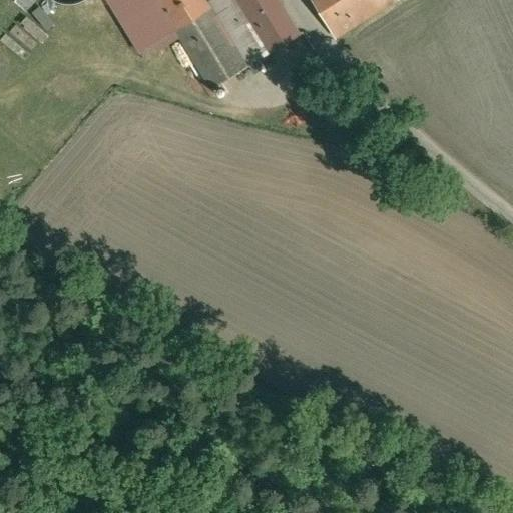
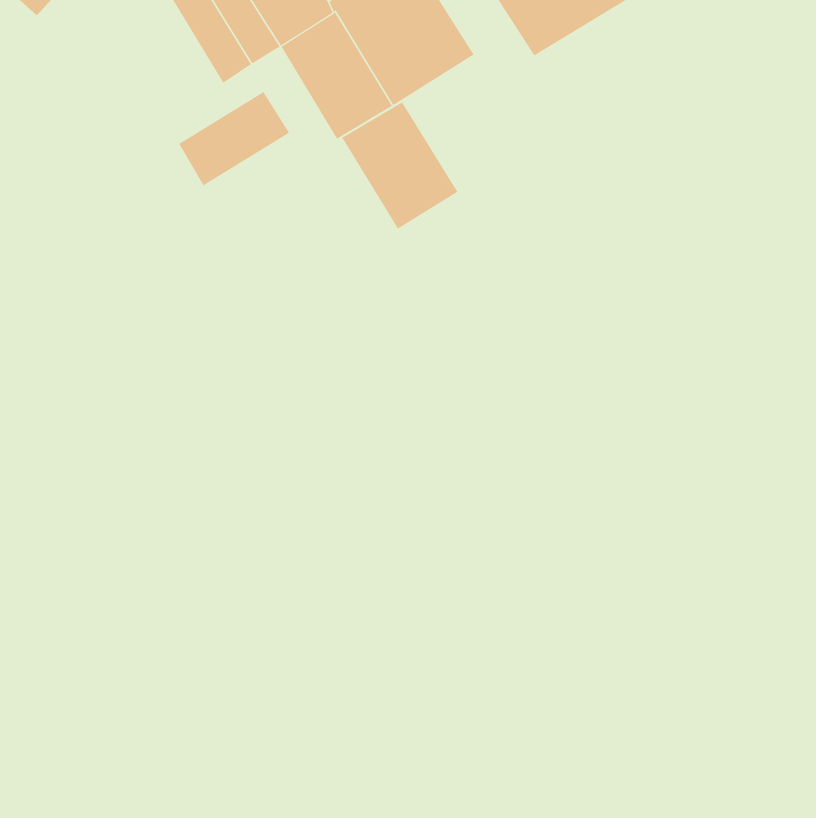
building: none -> [179,91,290,186]
building: none -> [341,102,458,230]

